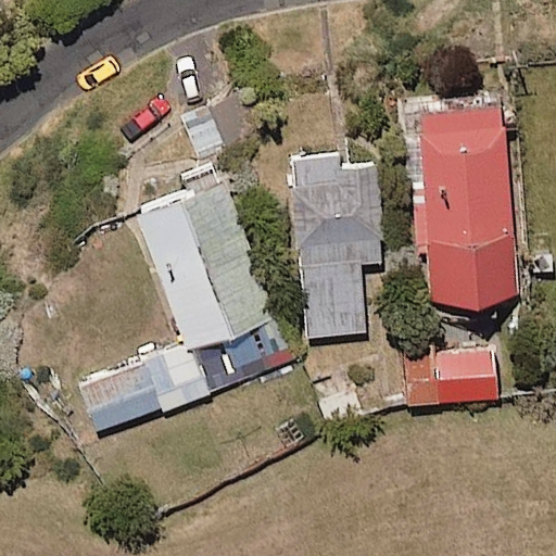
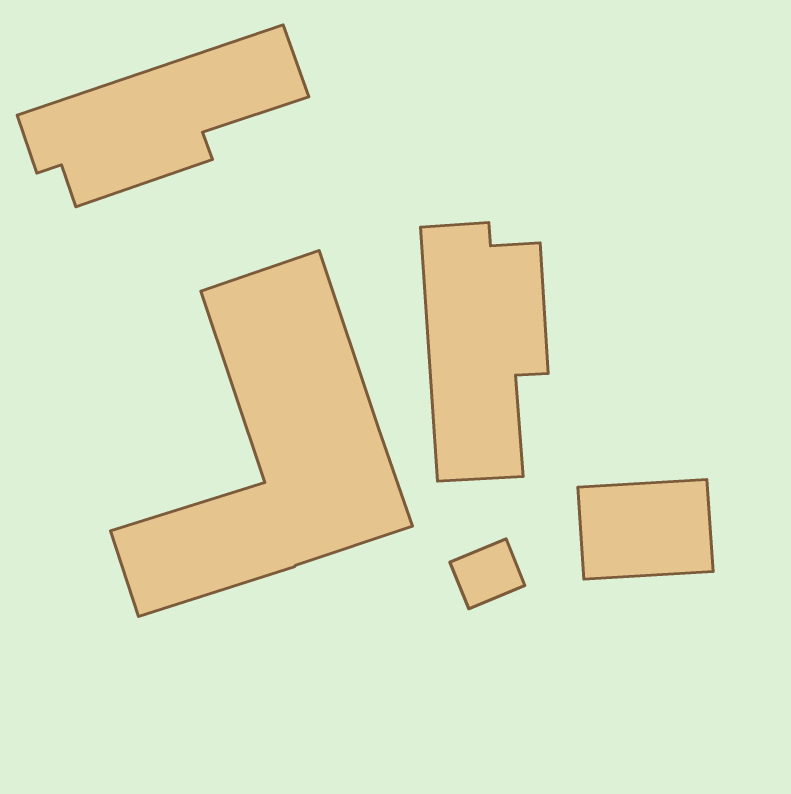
building: none -> [17,25,309,207]
building: [415,110,515,308] -> none

